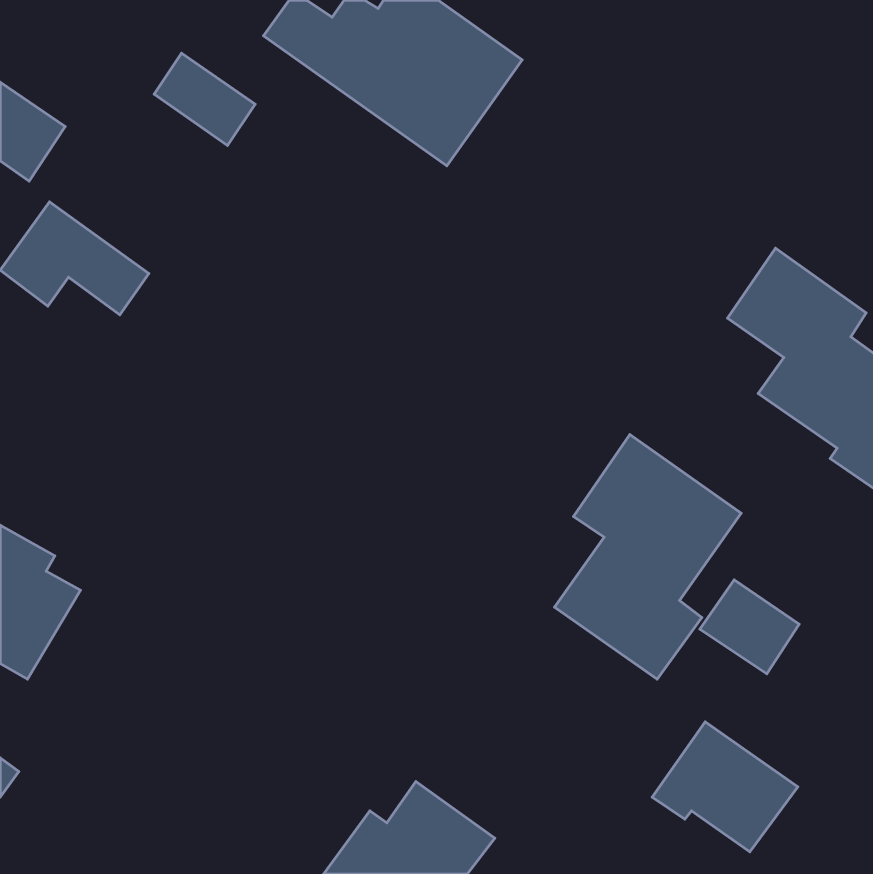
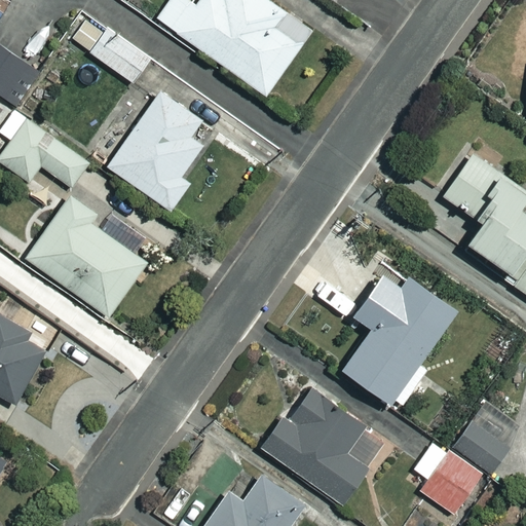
building: none -> [111,96,205,215]
building: none -> [30,200,158,320]
building: [700,580,799,674] -> [450,412,510,468]
building: none -> [253,384,382,500]

